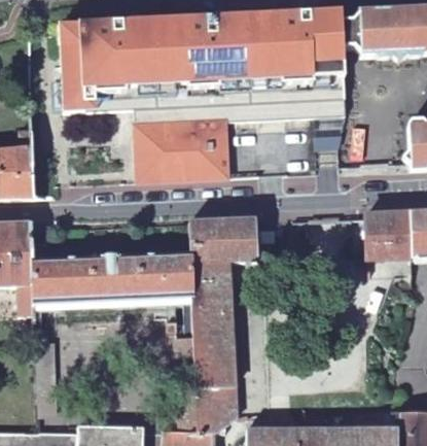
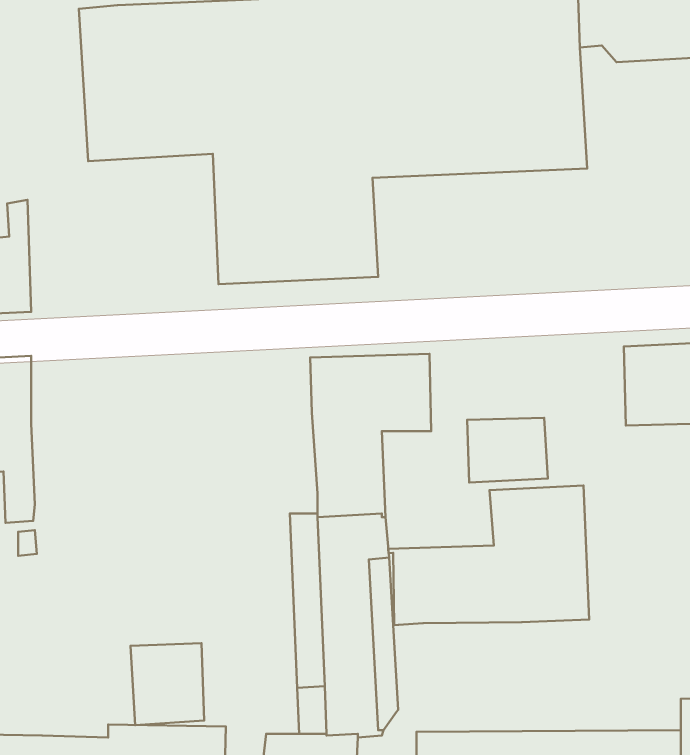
building: [33,250,193,302] -> none
building: none -> [467,418,548,482]
building: none -> [388,485,589,625]
building: none -> [131,643,204,725]

